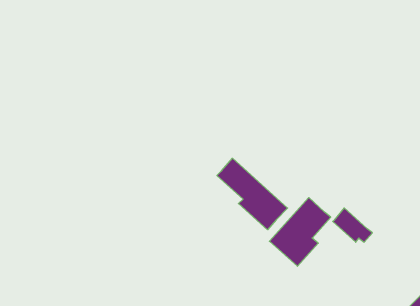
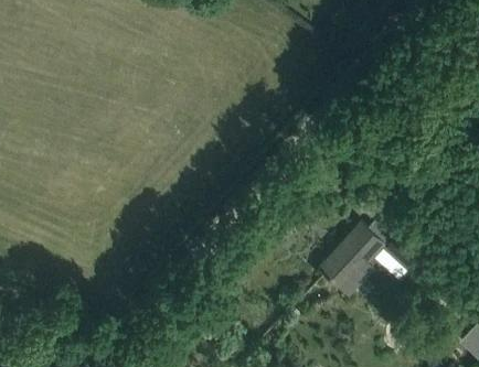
building: [217,158,288,230] -> none

